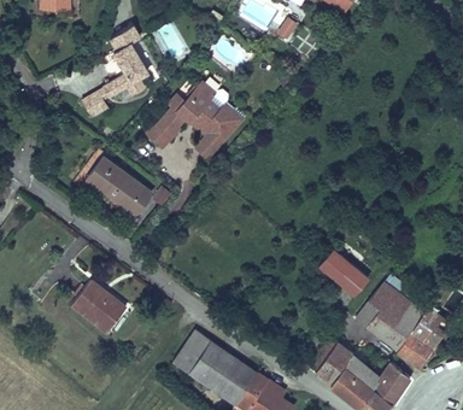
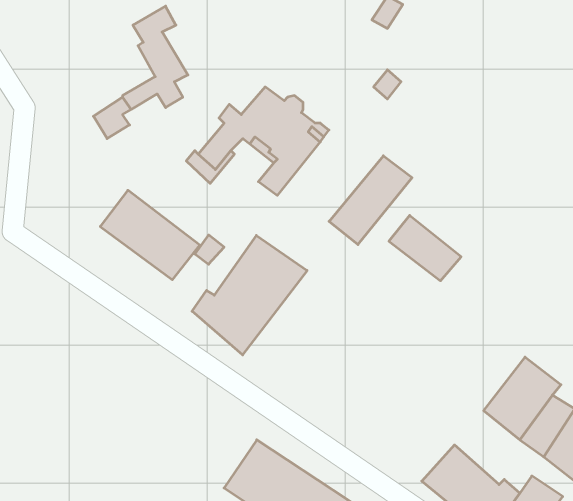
building: none -> [329,156,412,245]
building: none -> [192,235,307,355]
building: [316,242,367,288] -> [389,215,461,281]
building: [71,282,128,336] -> none

